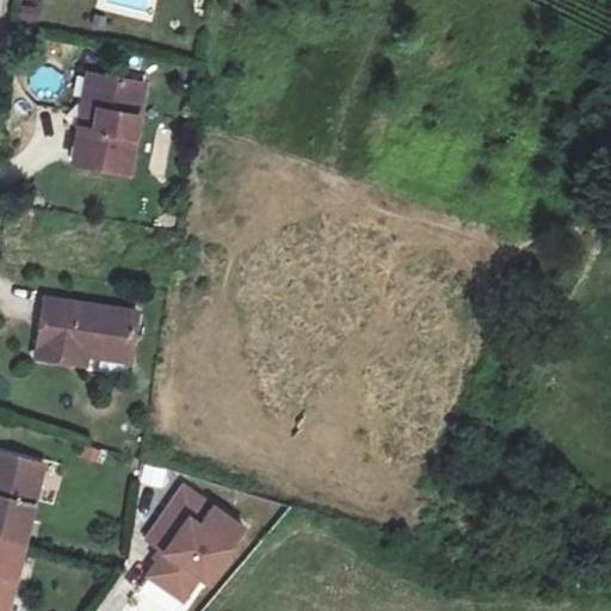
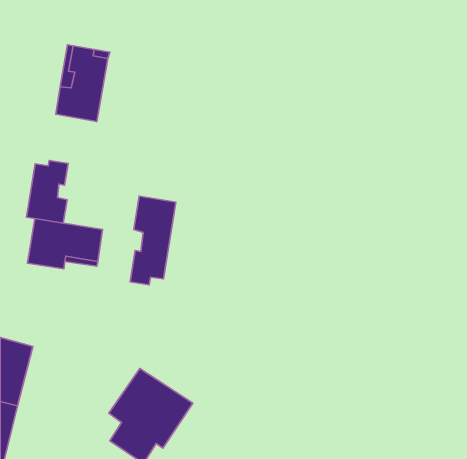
building: none -> [26,160,68,223]
building: none -> [130,196,176,285]

